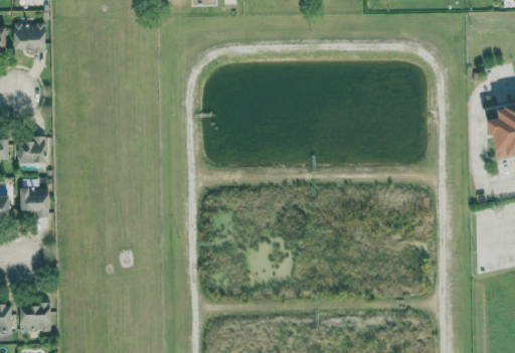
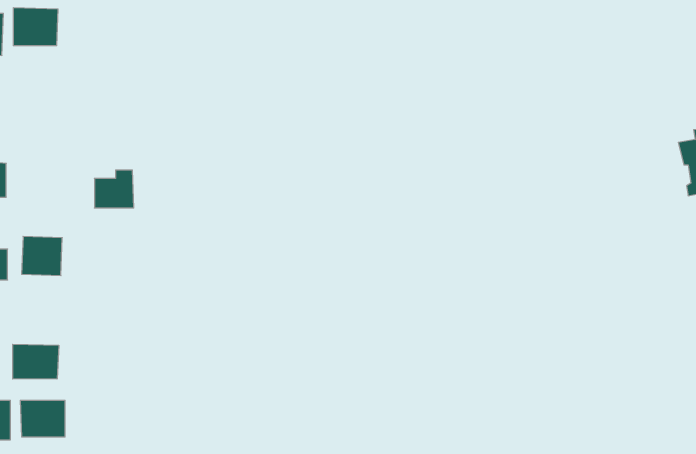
building: [18,136,46,163] -> [94,170,134,208]
building: none -> [13,344,59,379]

